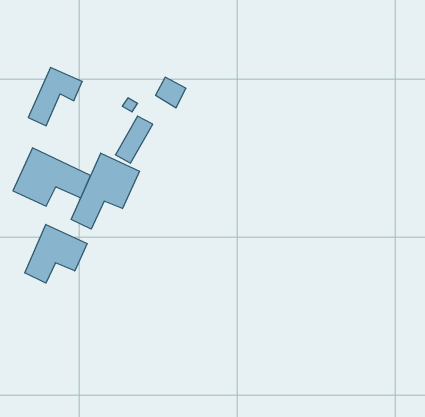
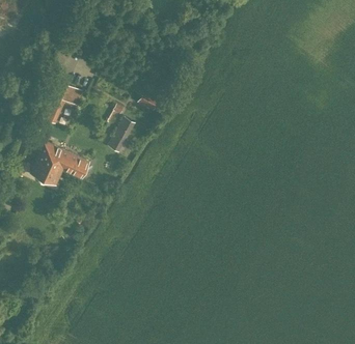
building: [71,153,140,229] -> none
building: [25,224,87,283] -> none

